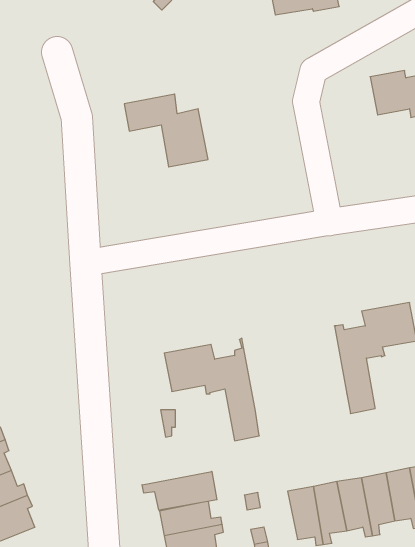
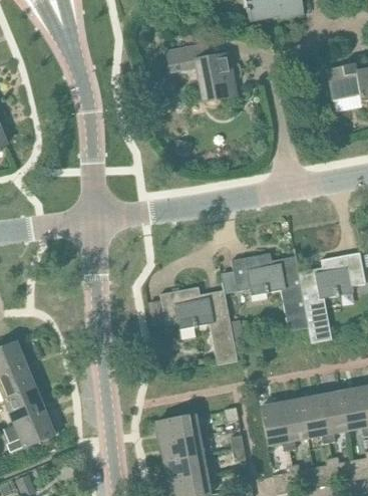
building: [124,94,208,167] -> [166,41,235,100]
building: none -> [231,247,308,330]
building: [142,471,217,510] -> none

